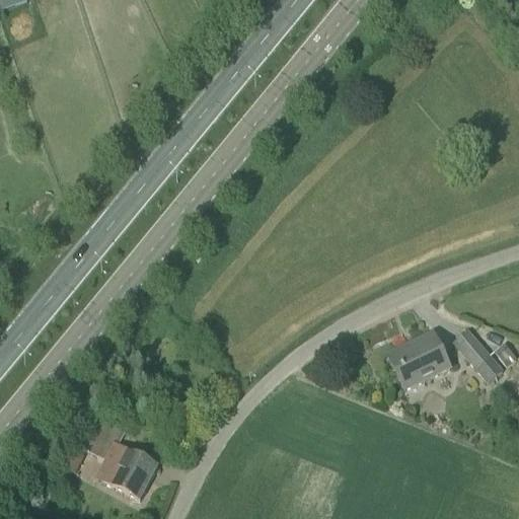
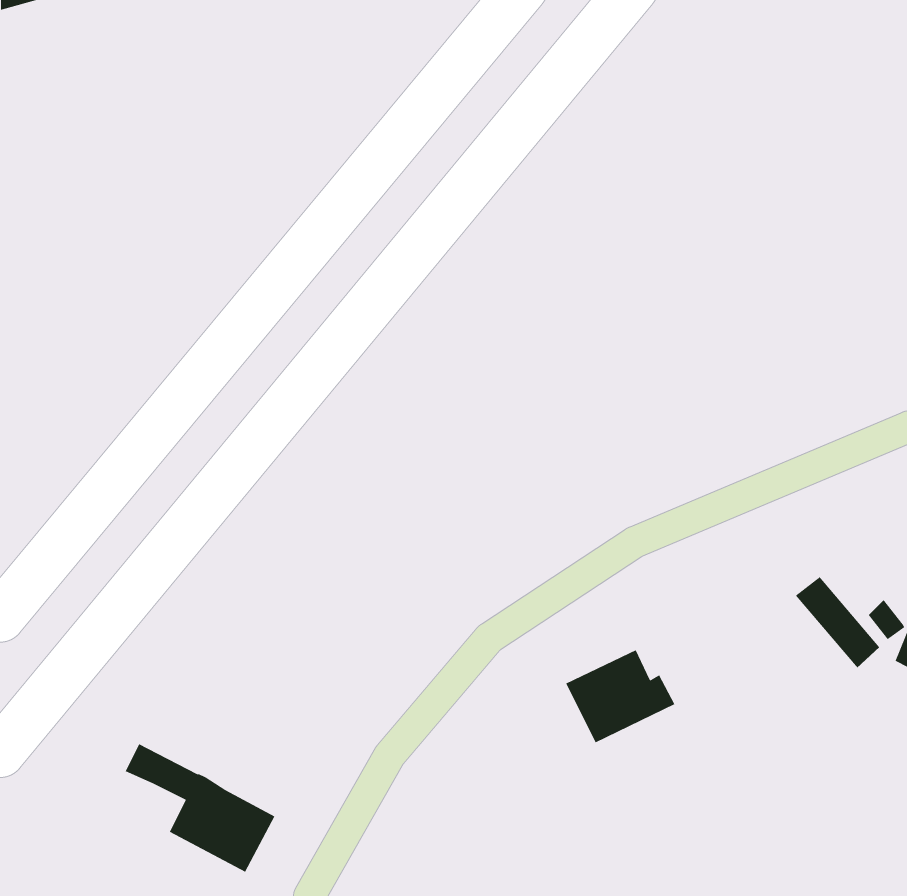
building: [388,333,451,387] -> [565,649,675,744]

